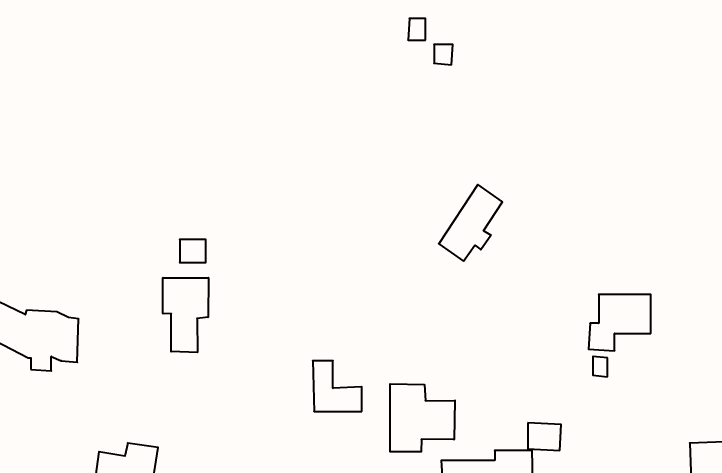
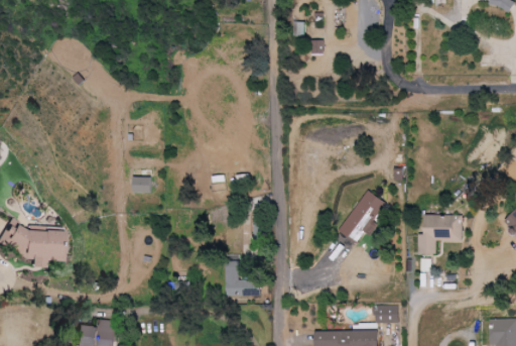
building: [439,185,502,261] -> [340,190,384,243]
building: [163,278,208,352] -> none
building: [390,384,455,452] -> none

